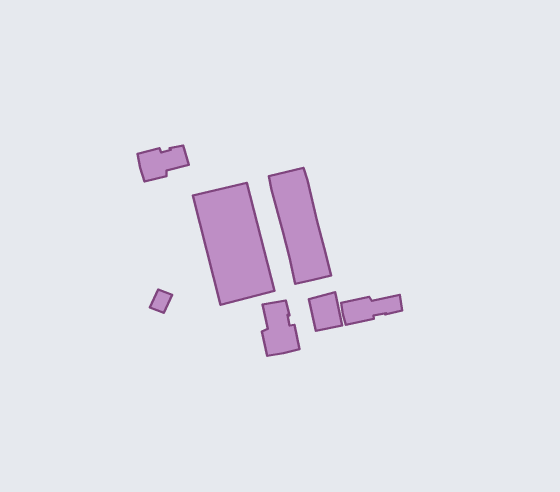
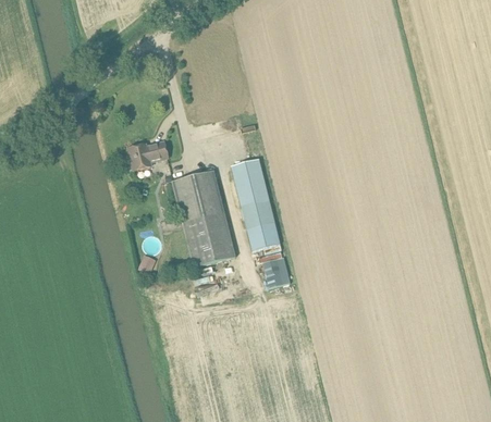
building: [341,295,402,325] -> none
building: [262,301,299,356] -> none

